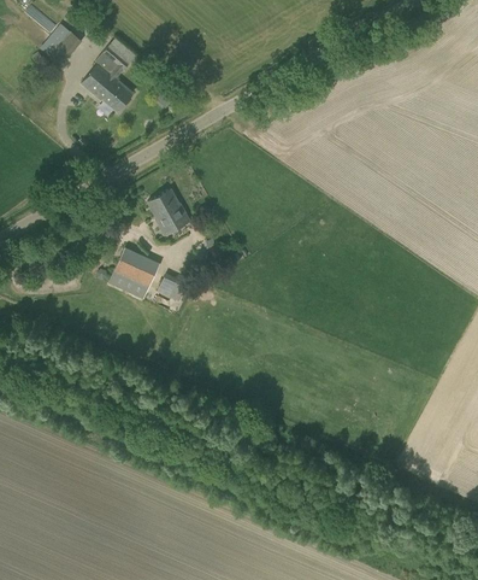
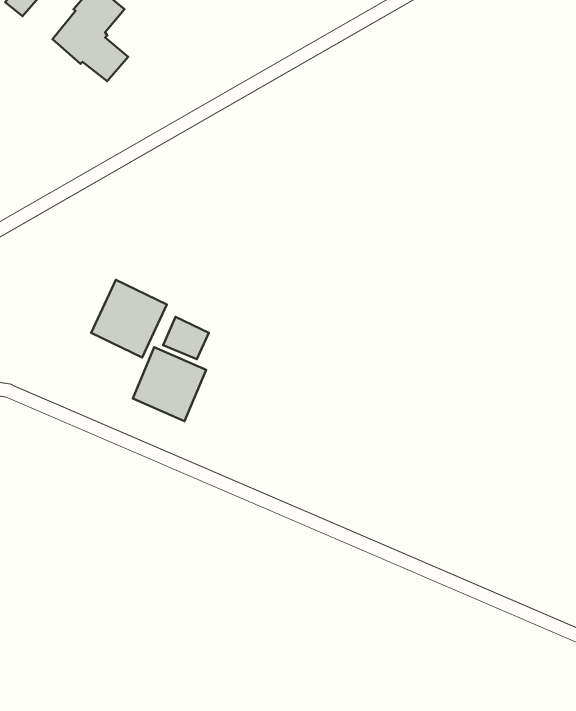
building: [146,188,189,234] -> none
building: none -> [133,347,206,421]

